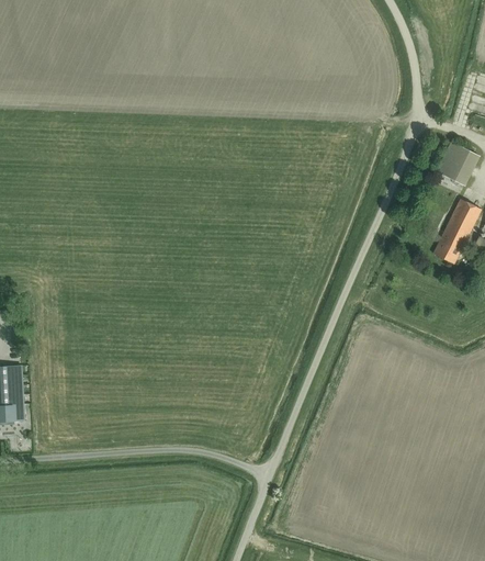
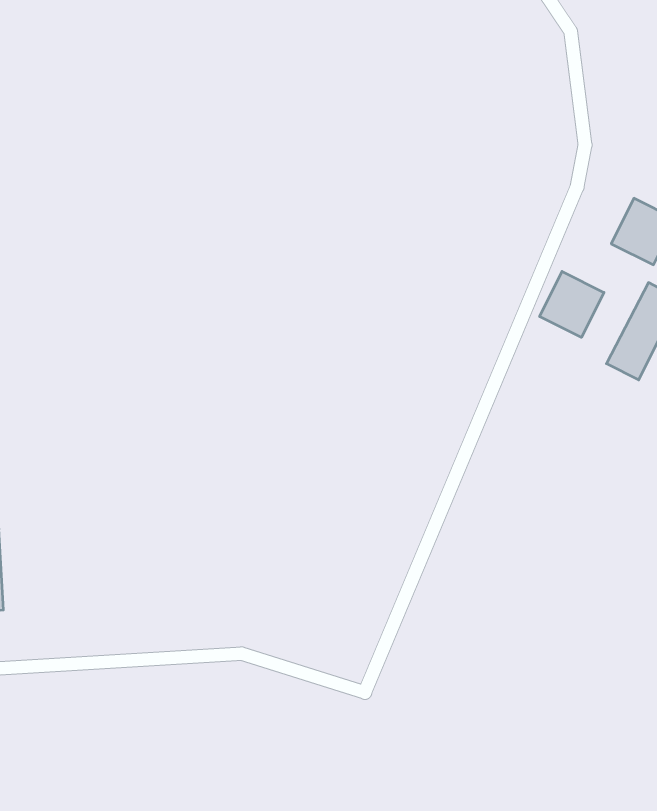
building: none -> [540,271,604,337]

